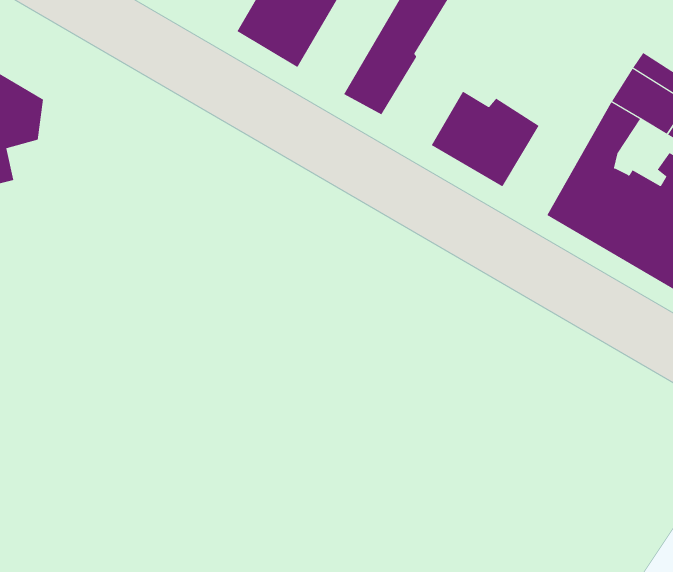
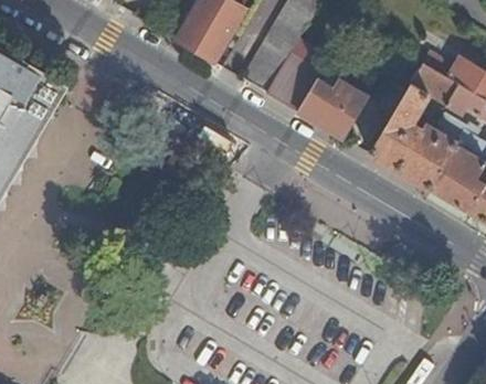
building: none -> [266,55,319,111]

